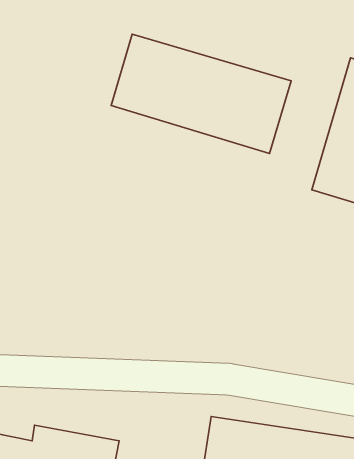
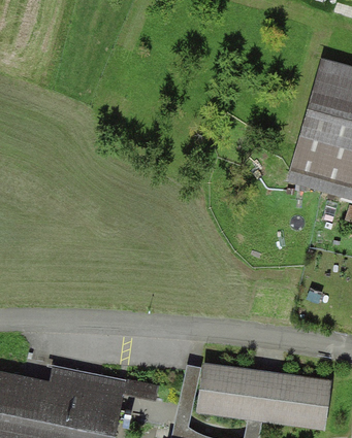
building: [111,34,291,153] -> none

